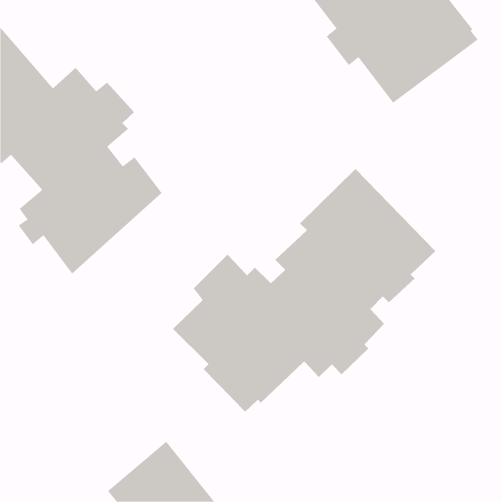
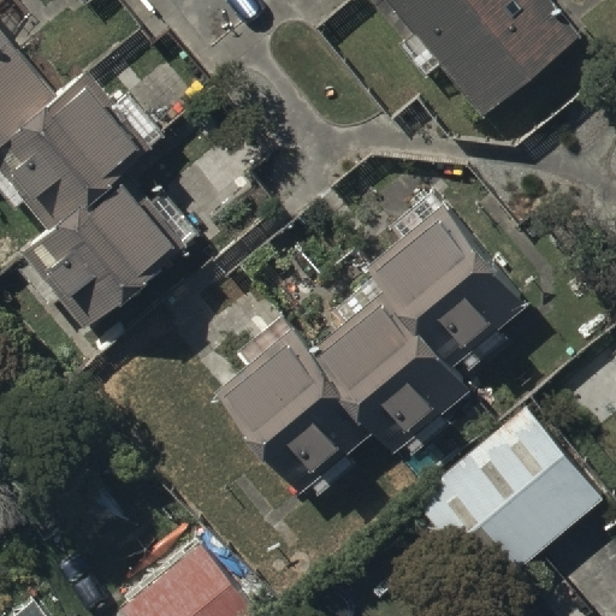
building: none -> [419,401,594,571]

